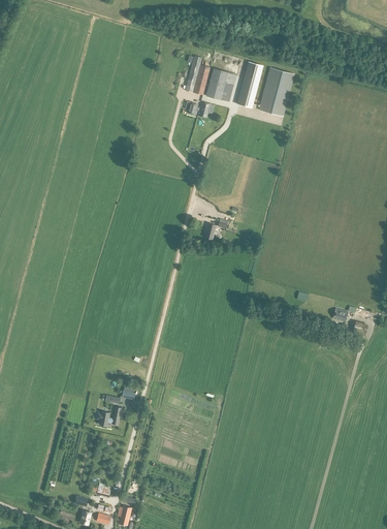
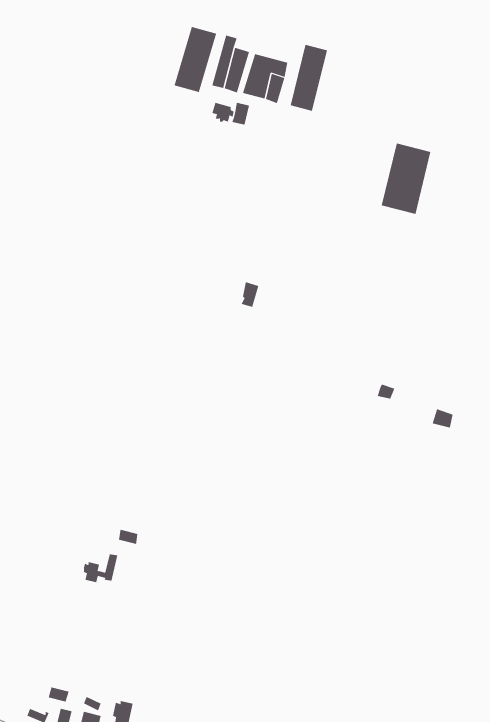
building: none -> [174,26,217,93]
building: [258,66,292,115] -> [381,143,431,215]

